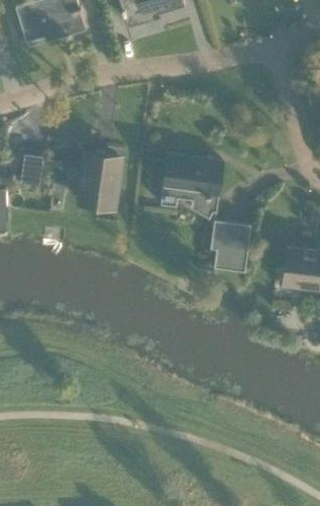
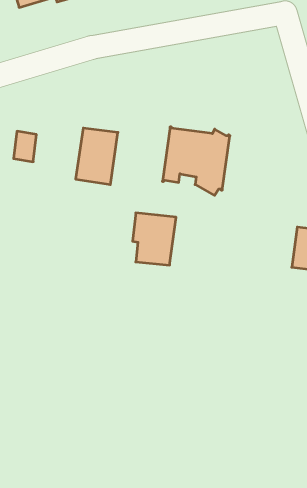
building: [211,222,252,270] -> [133,213,176,265]

